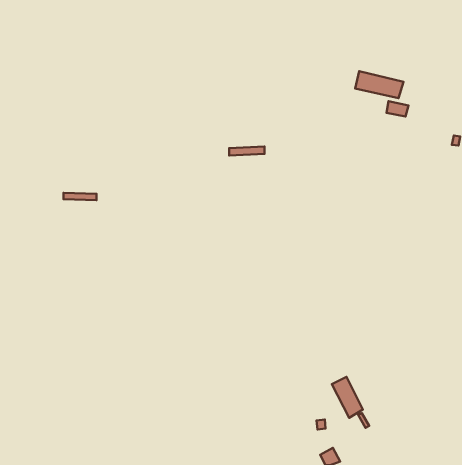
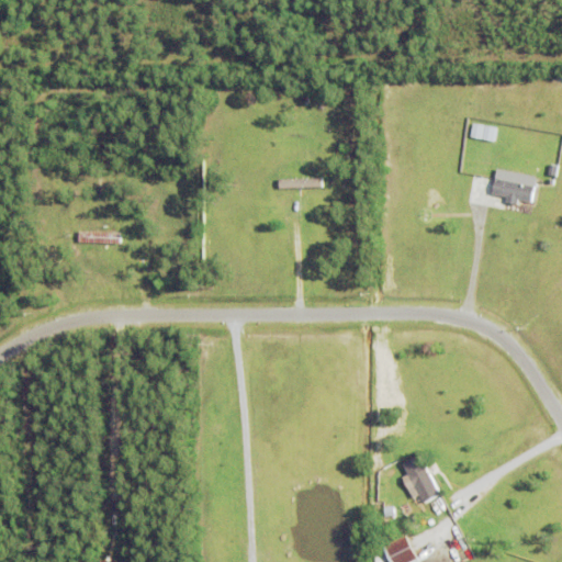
building: [355,71,404,98] -> none
building: none -> [490,171,532,204]

